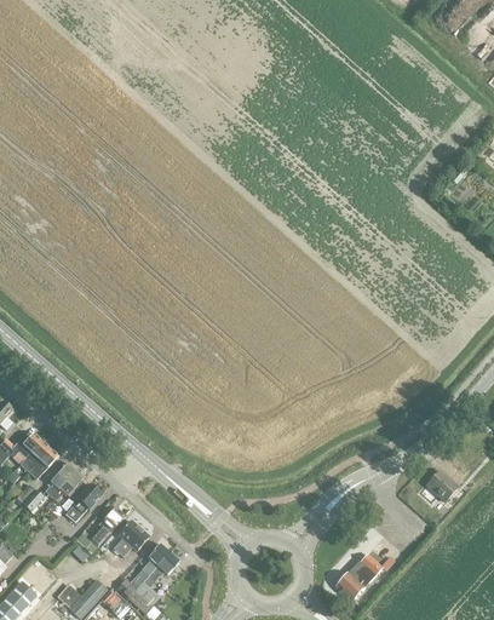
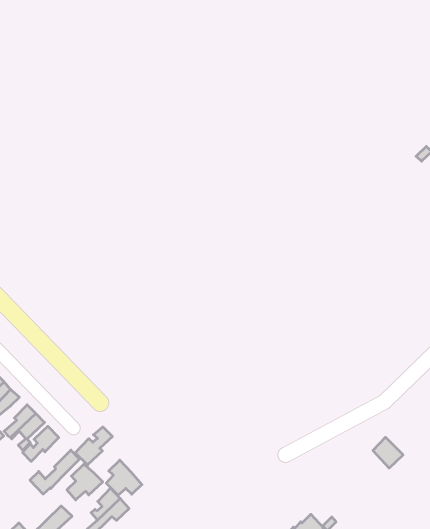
building: none -> [75,427,112,465]
building: none -> [106,460,142,495]

